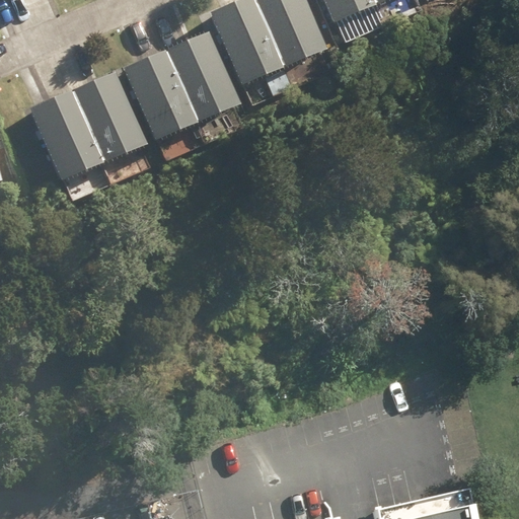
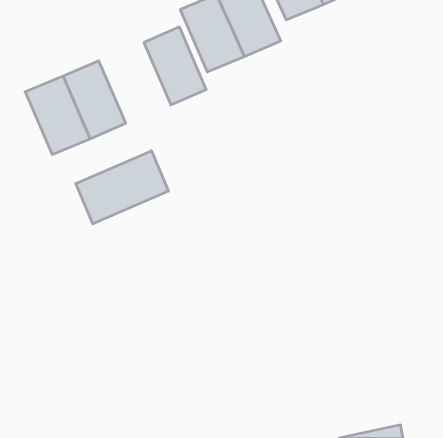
building: [124,50,200,142] -> none
building: none -> [76,151,168,224]

